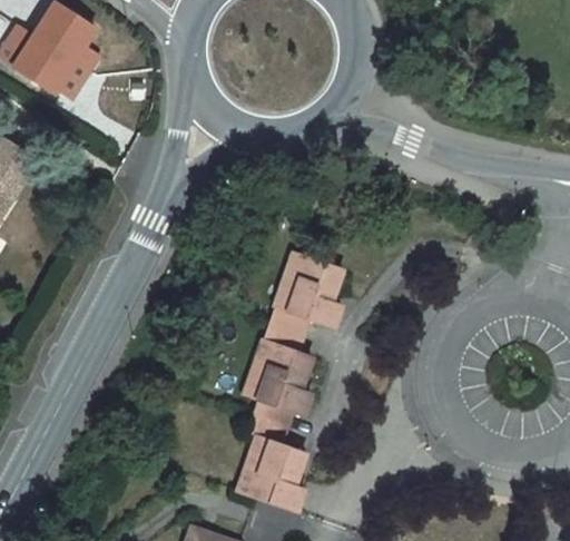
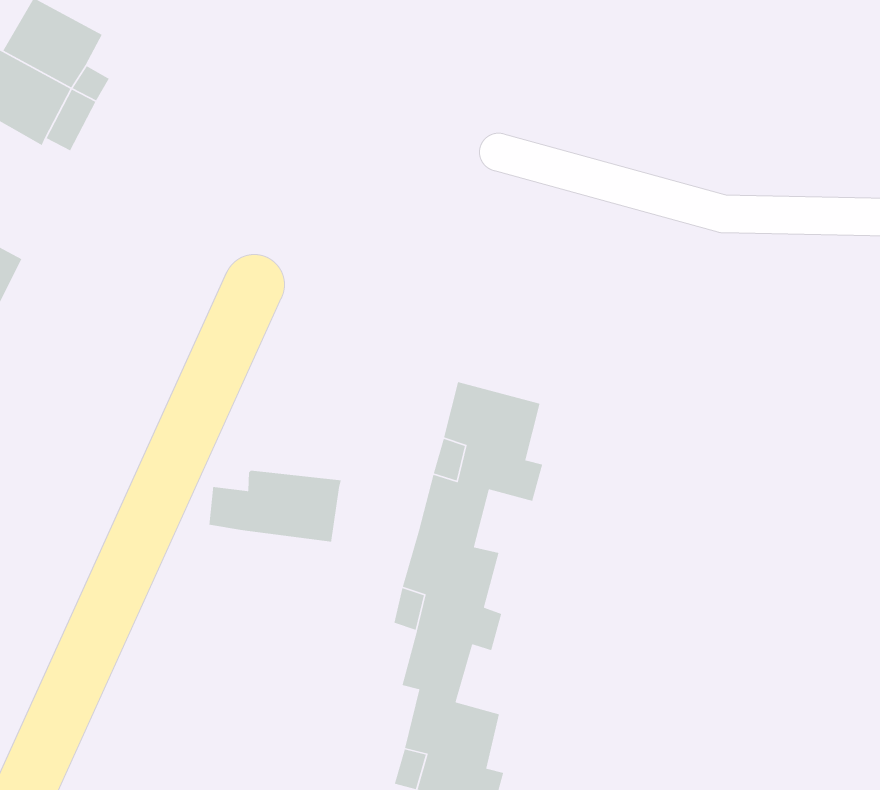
building: none -> [208,470,342,542]

